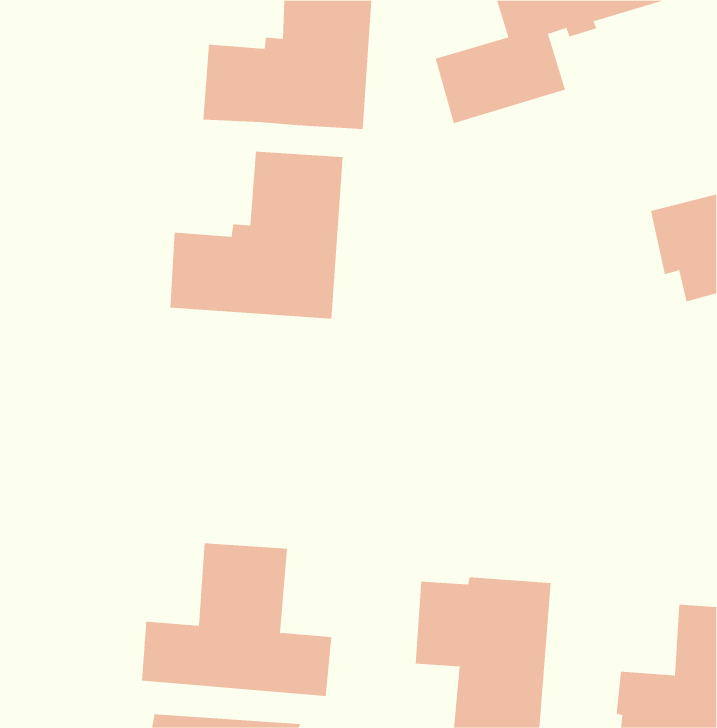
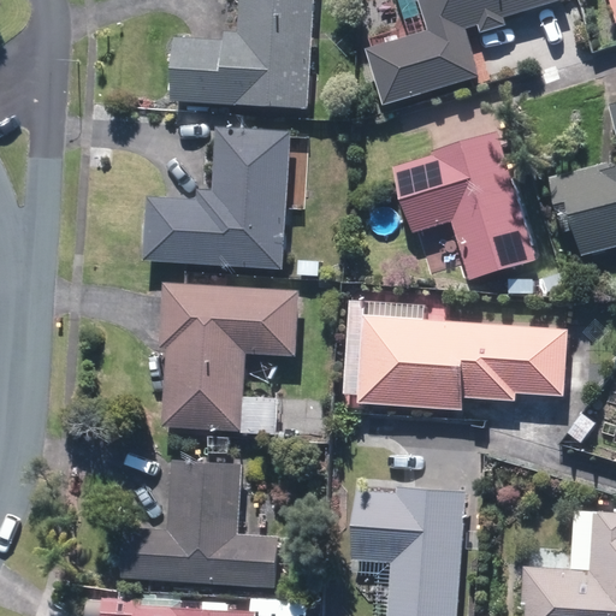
building: none -> [391,132,532,280]
building: none -> [160,283,297,433]
building: none -> [356,315,567,410]

